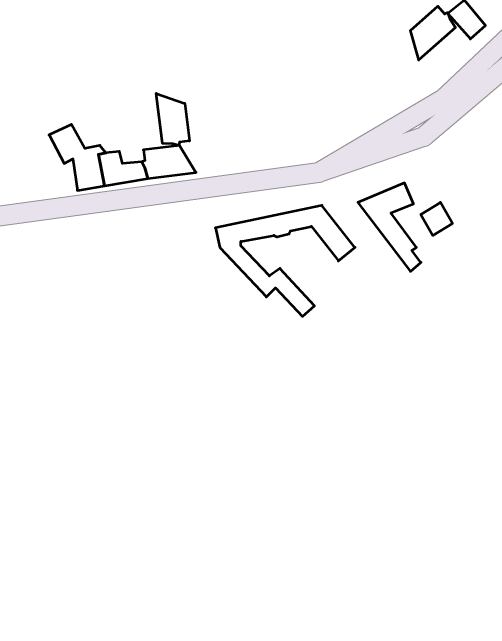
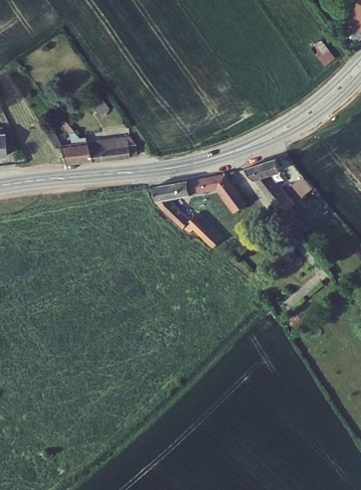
building: [410,6,455,60] -> none
building: [156,93,189,145] -> none

